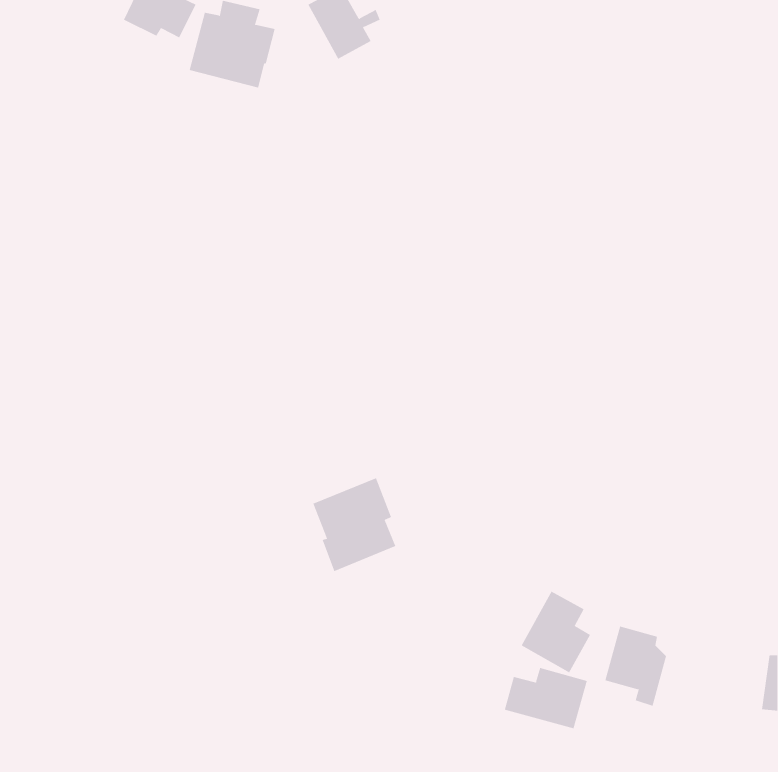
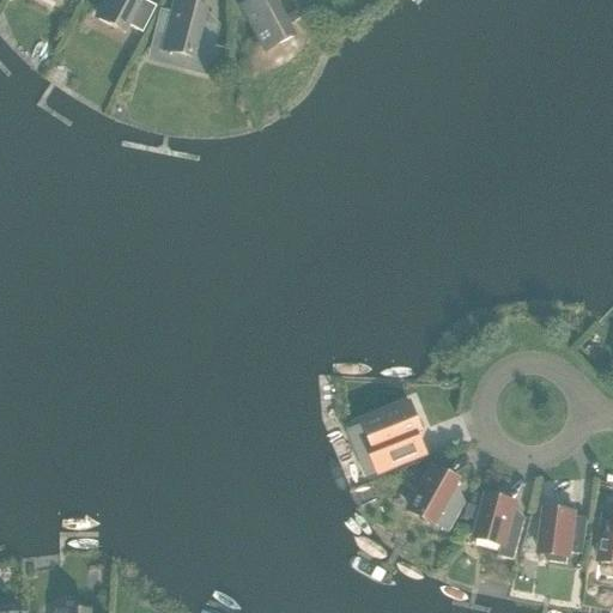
building: [313,478,396,572] -> [360,394,426,468]
building: none -> [540,506,587,553]
building: [504,667,587,729] -> none

